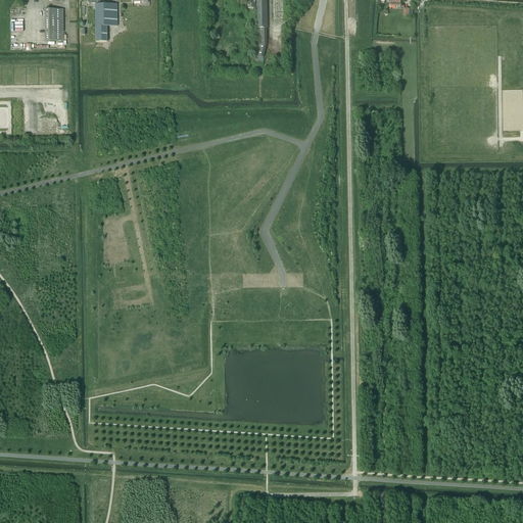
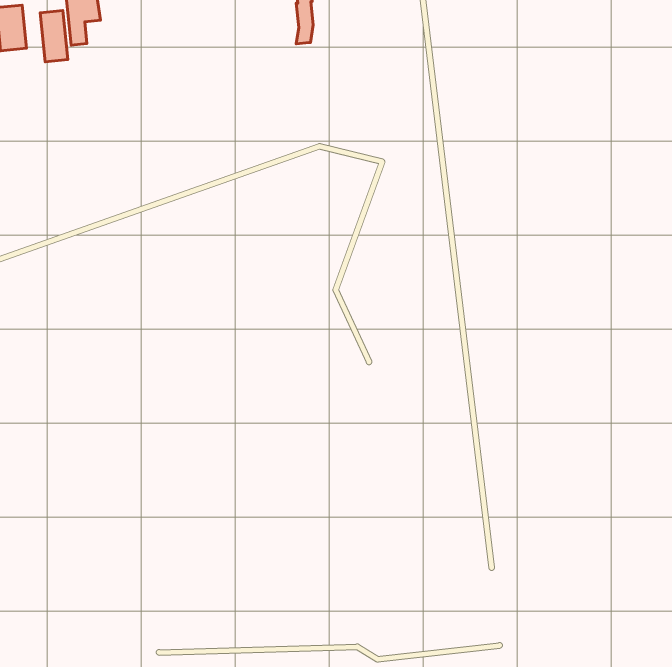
building: none -> [40,11,68,62]

